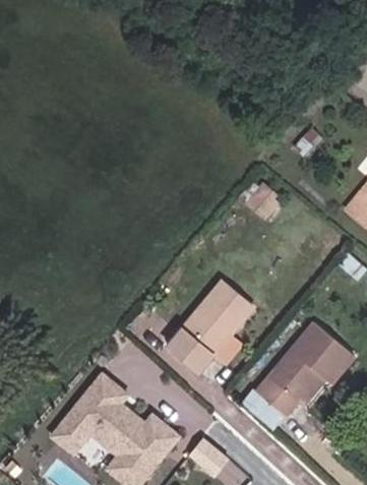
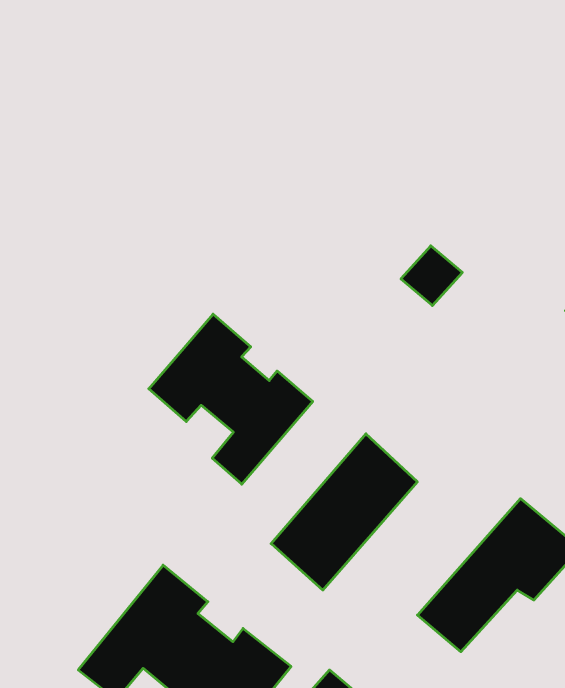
building: none -> [149,314,313,484]

